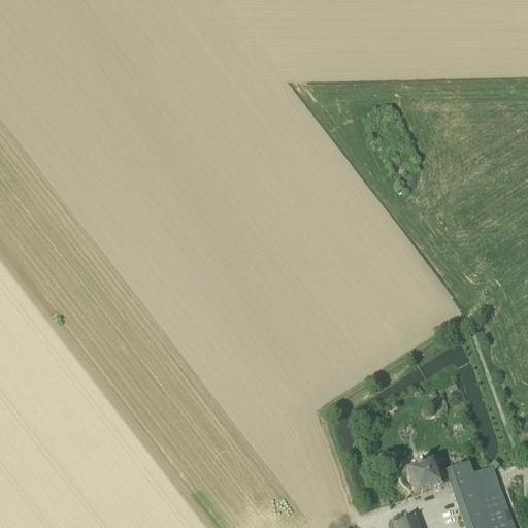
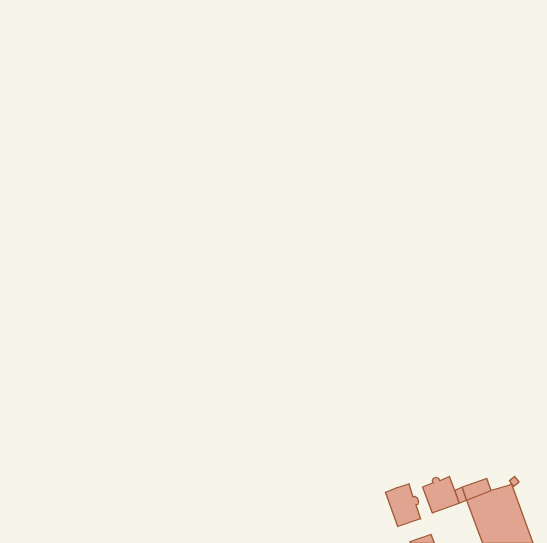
building: none -> [385,484,421,527]

